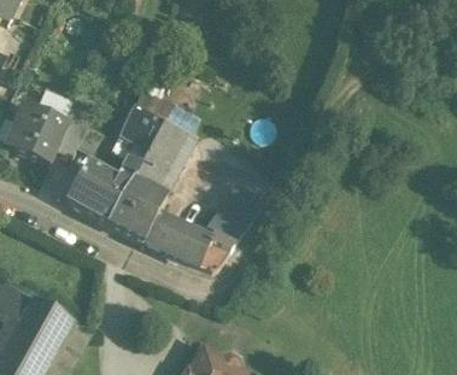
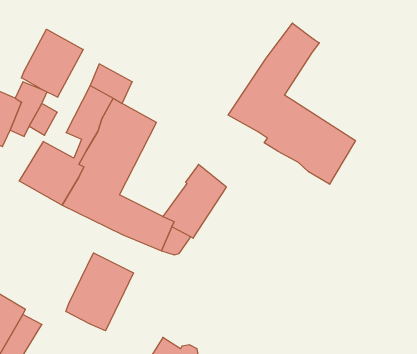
building: none -> [228,23,355,184]
building: none -> [21,29,83,97]
building: none -> [66,253,134,331]

